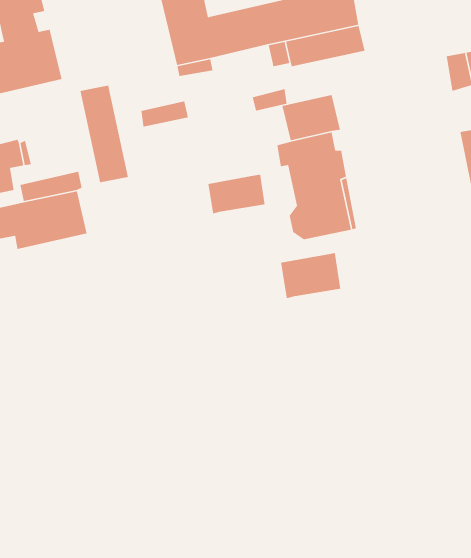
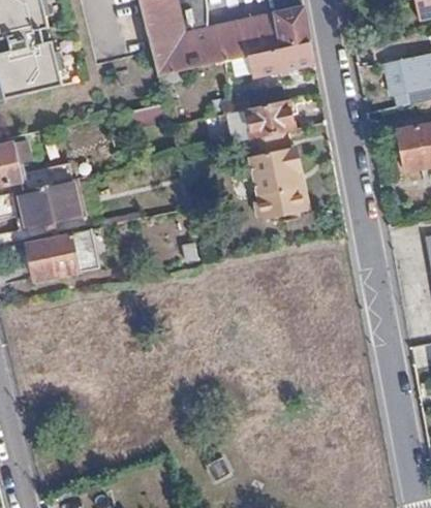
building: [80,85,129,183] -> none
building: [208,174,266,214] -> none
building: none -> [30,227,100,279]
building: [280,252,341,299] -> none

